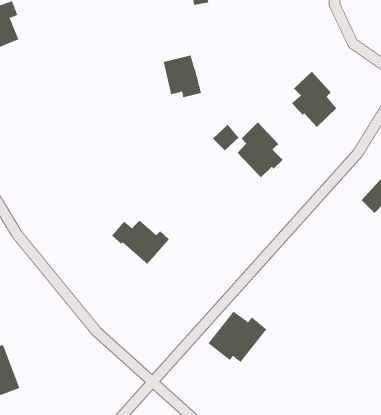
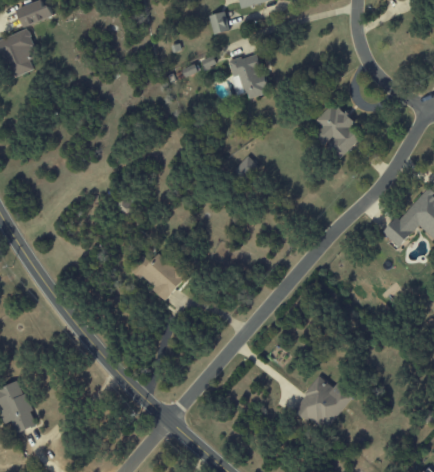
building: [163,55,202,98] -> [228,54,268,98]
building: [237,121,283,178] -> none
building: [208,311,267,363] -> [292,376,353,429]

